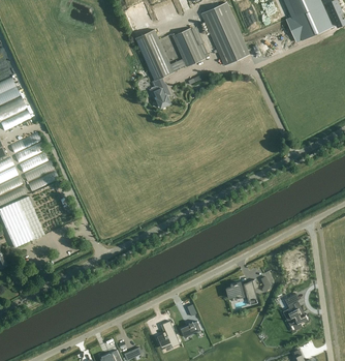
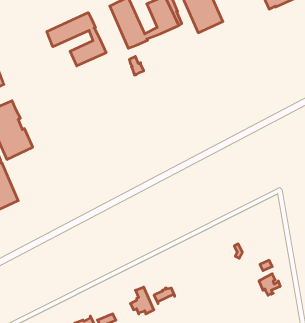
building: none -> [47,13,106,66]
building: [226,279,257,300] -> none

